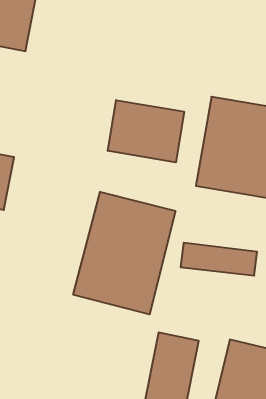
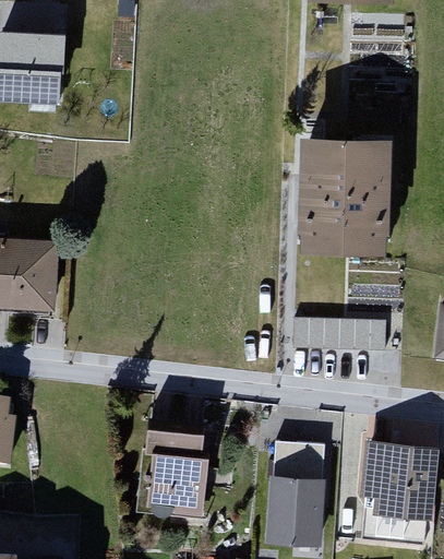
building: [108,100,184,162] -> none
building: [73,192,175,314] -> none
building: none -> [134,426,211,521]

